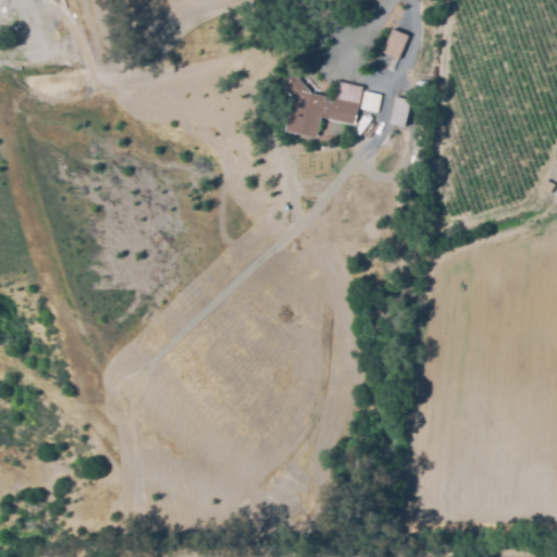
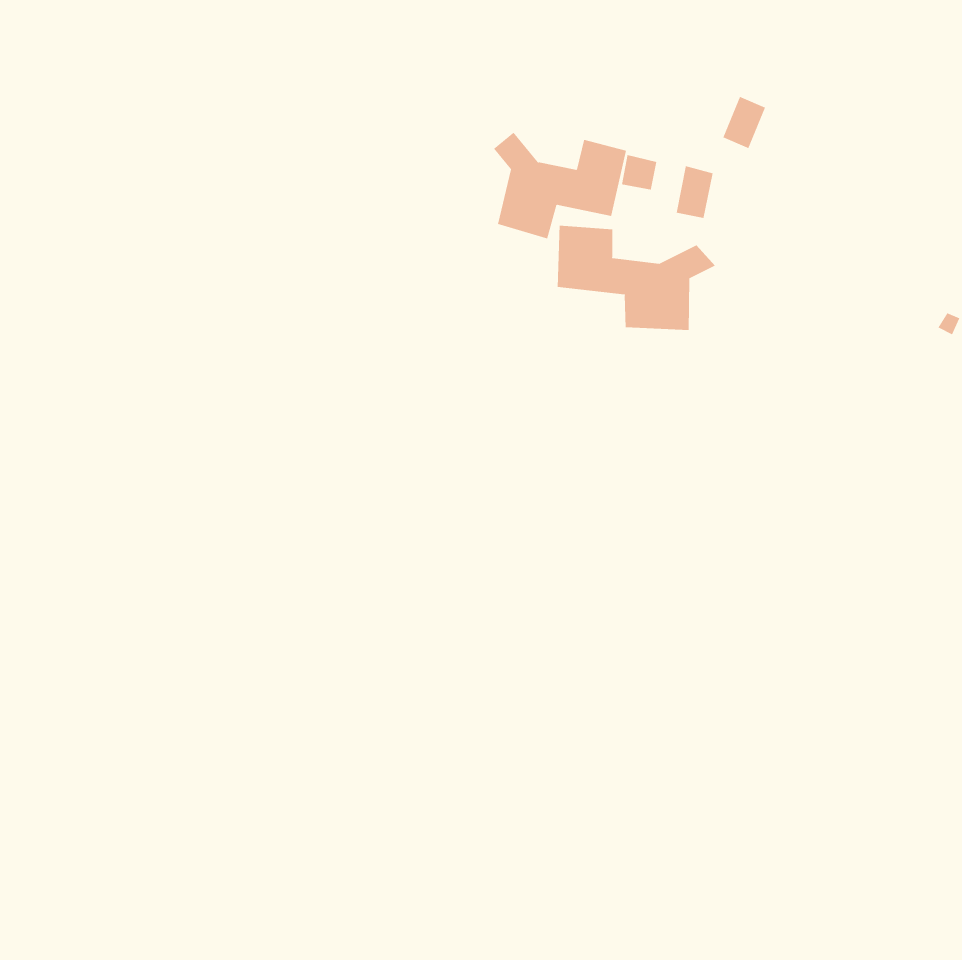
building: [381,26,406,57] -> [723,96,766,149]
building: none -> [557,225,716,331]

